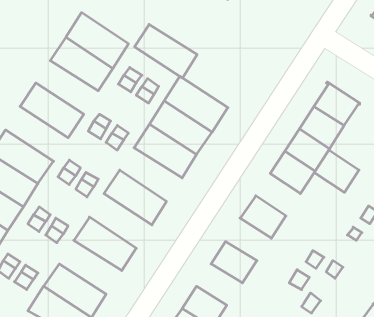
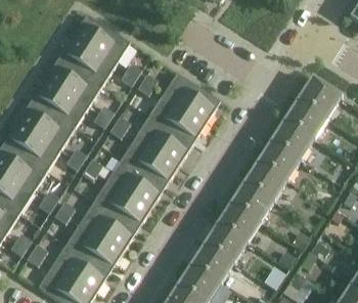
building: [135,24,197,78] -> [44,58,101,107]
building: none -> [16,100,74,150]
building: none -> [121,138,178,187]
building: [314,150,359,192] -> [245,162,286,201]
building: none -> [93,180,150,230]
building: none -> [218,203,260,242]
building: none -> [65,223,123,272]
building: none -> [191,245,233,283]

